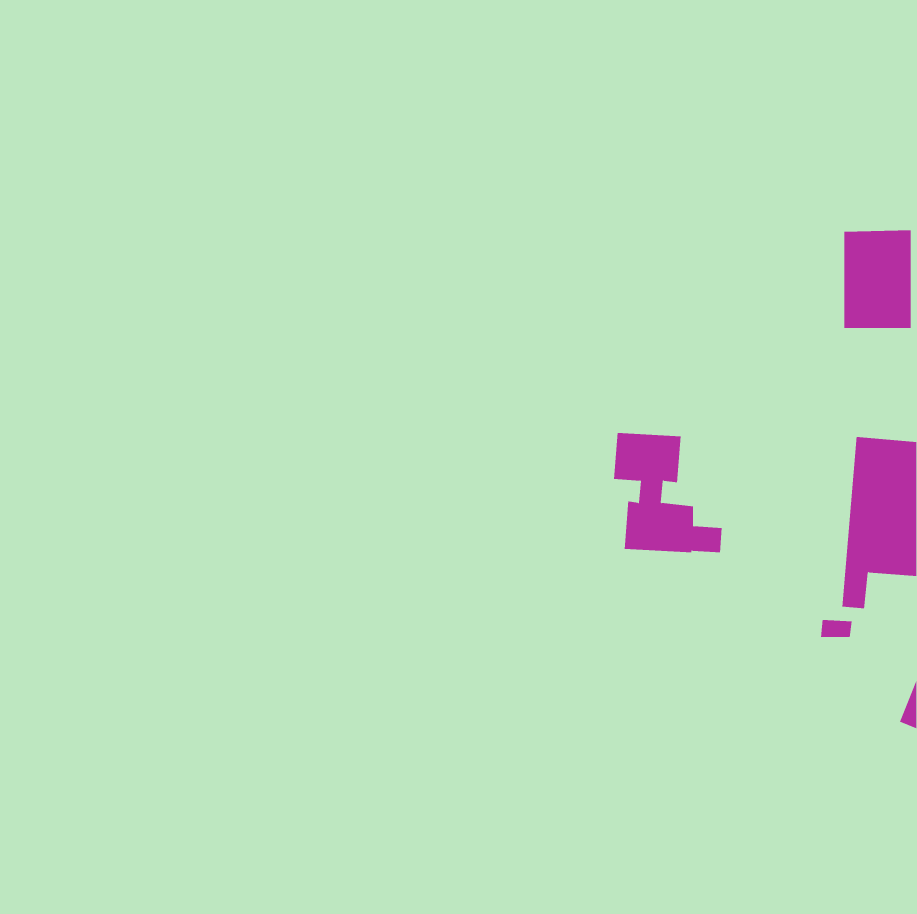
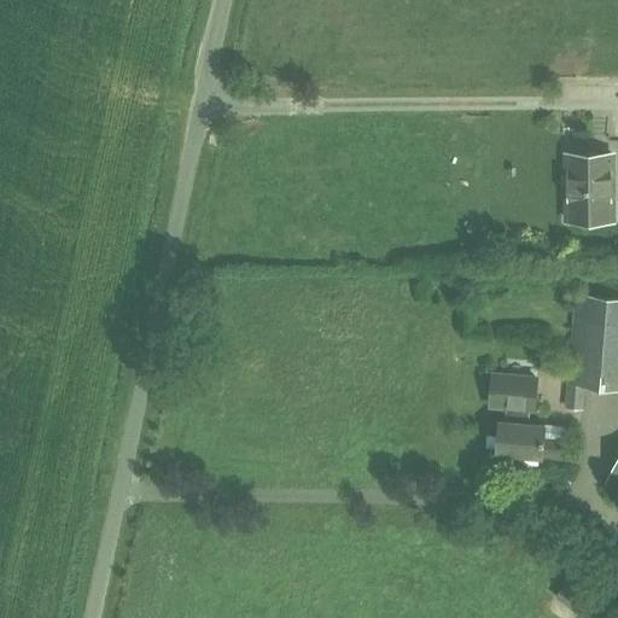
building: [613,433,723,553] -> [490,378,564,459]

